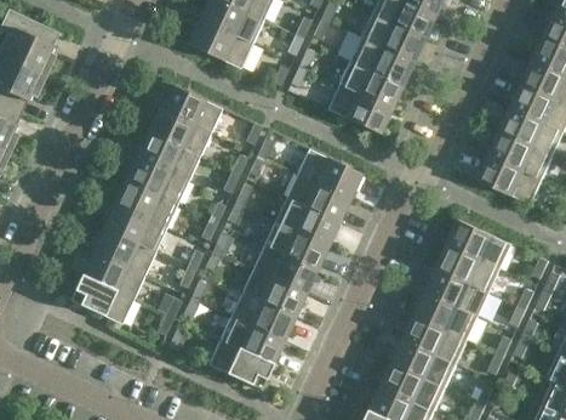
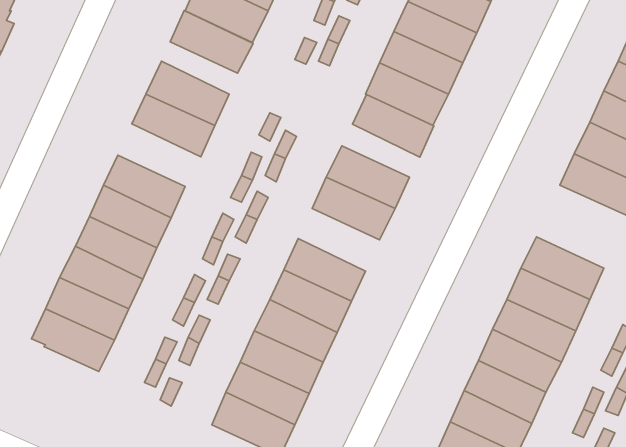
building: [136,132,200,181] -> [170,11,253,73]
building: [275,198,338,246] -> [352,95,434,157]

